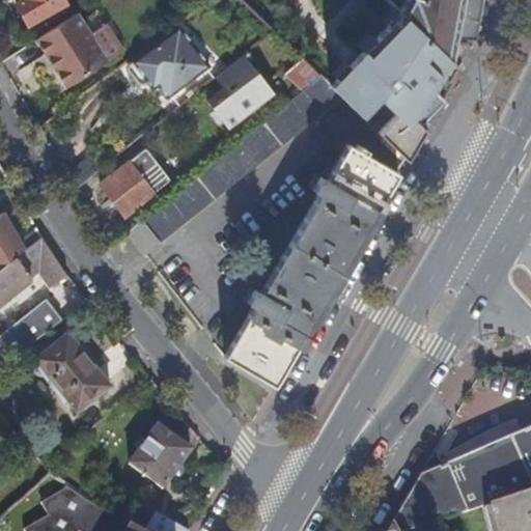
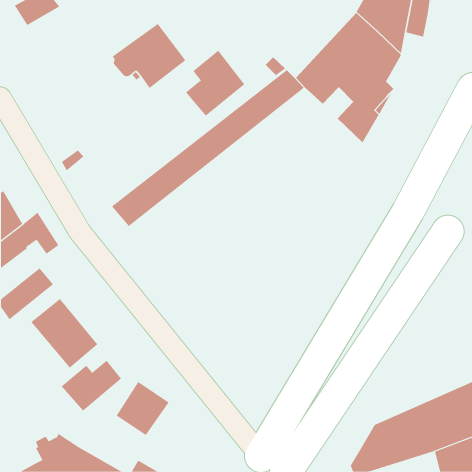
building: [38,15,108,87] -> none
building: [225,144,400,386] -> none
building: [102,149,171,217] -> none
building: none -> [61,360,122,411]

